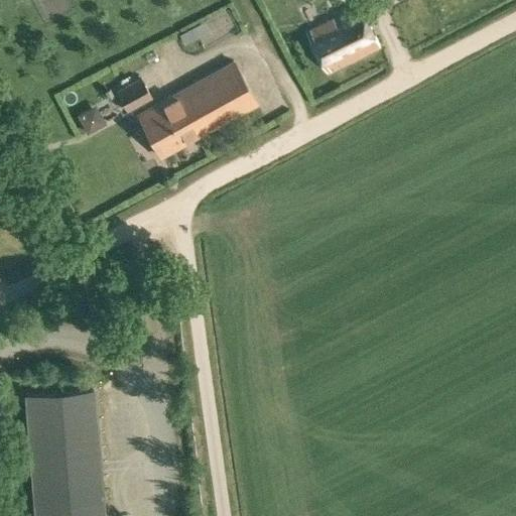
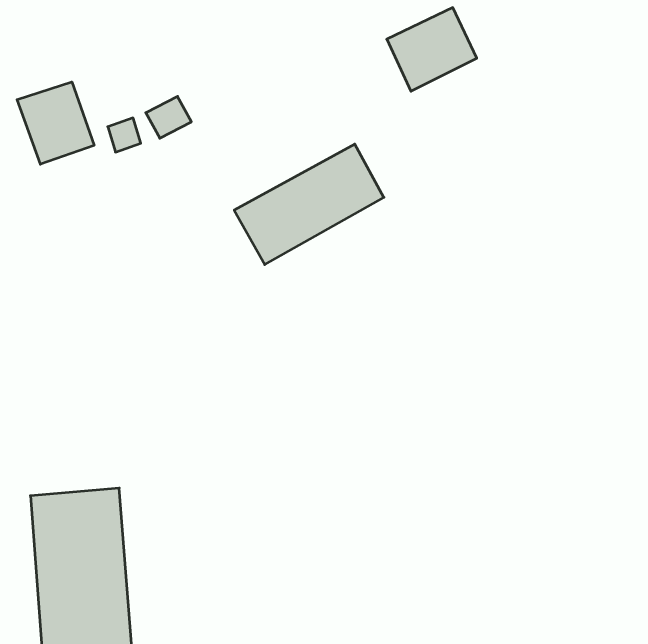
building: [137,64,256,160] -> [234,144,384,265]
building: none -> [17,82,94,164]

